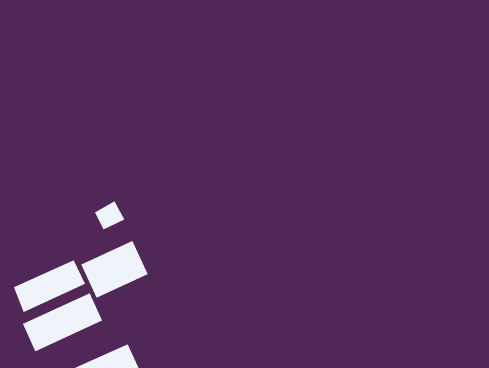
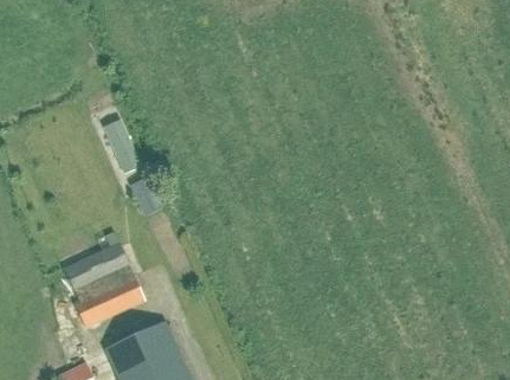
building: none -> [103,121,142,176]
building: [80,240,149,299] -> none

